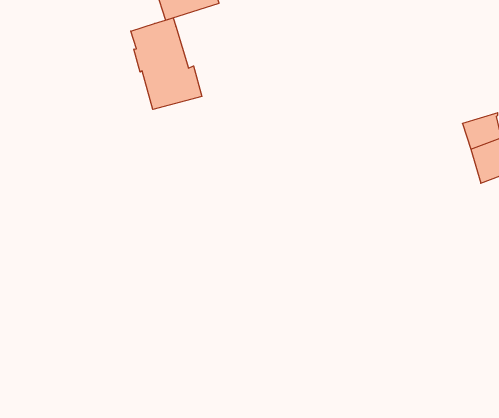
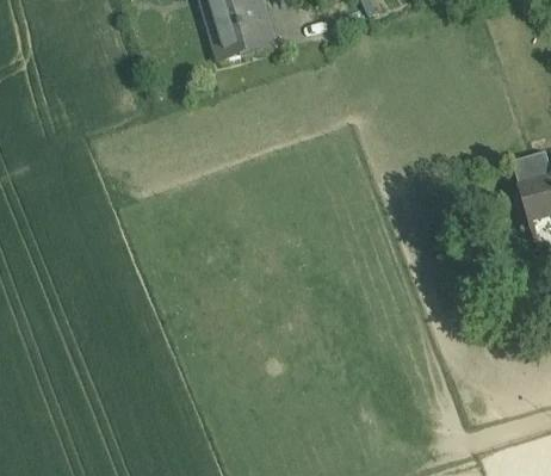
building: [131,18,202,109] -> none

